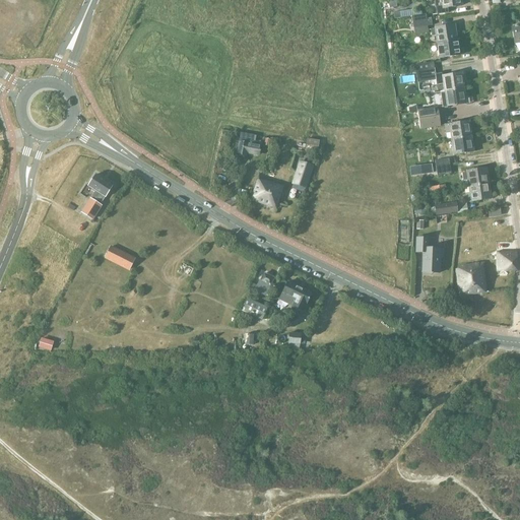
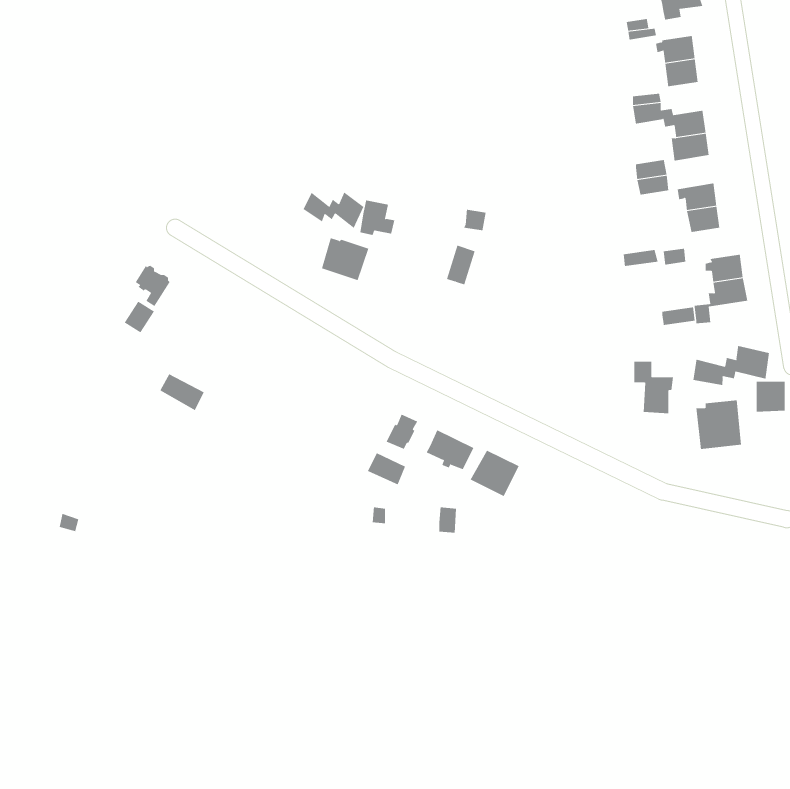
building: none -> [303,191,364,229]
building: [252,179,283,207] -> [321,237,369,281]
building: none -> [693,345,769,386]
building: none -> [470,450,519,497]

